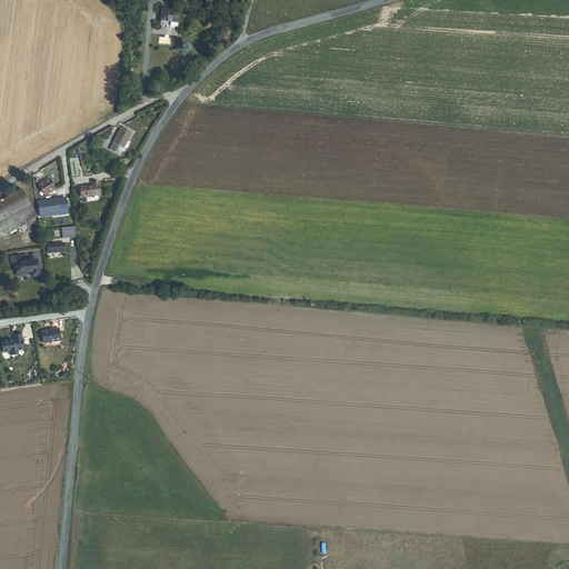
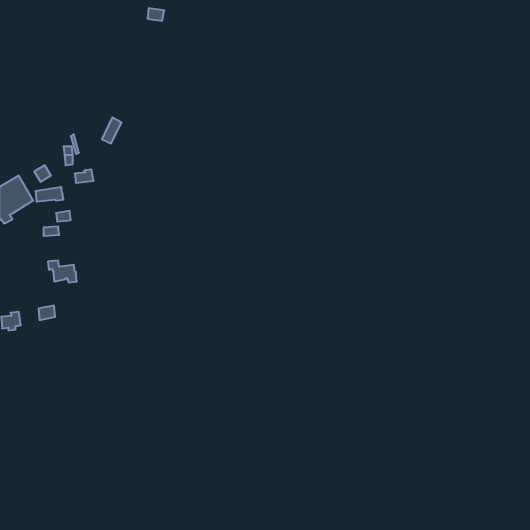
building: [9,253,40,277] -> [48,261,77,282]

